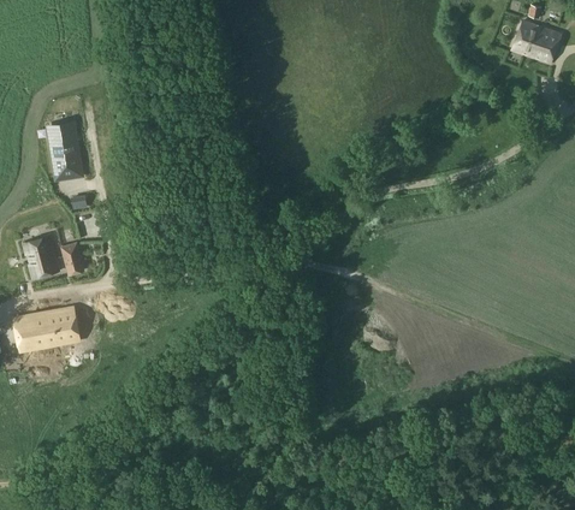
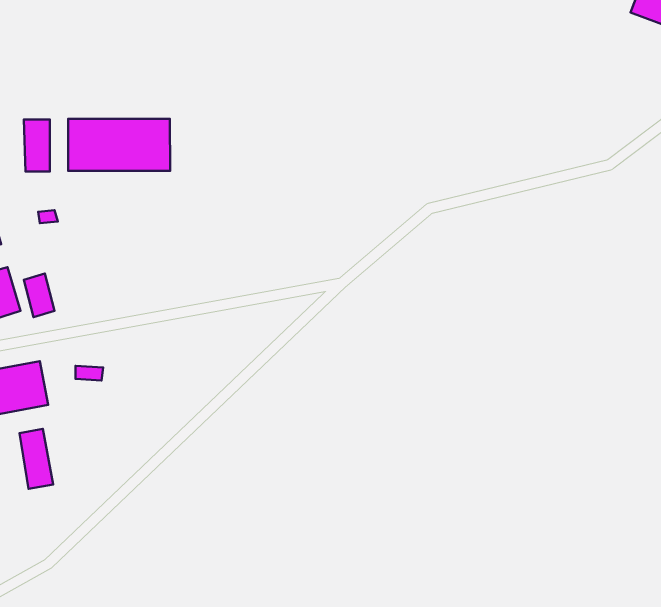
building: none -> [68,119,170,171]
building: none -> [20,429,53,489]

